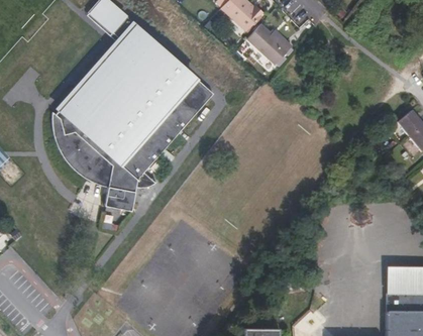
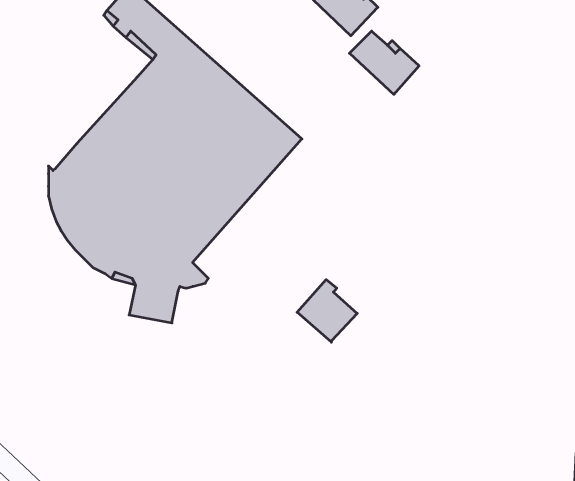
building: none -> [297,280,357,342]

